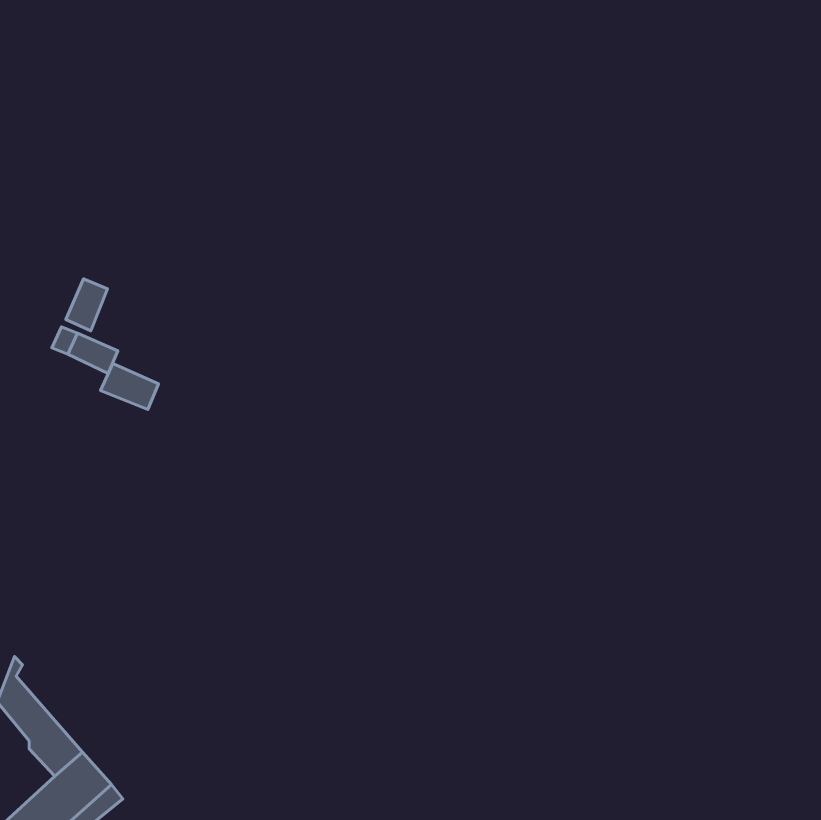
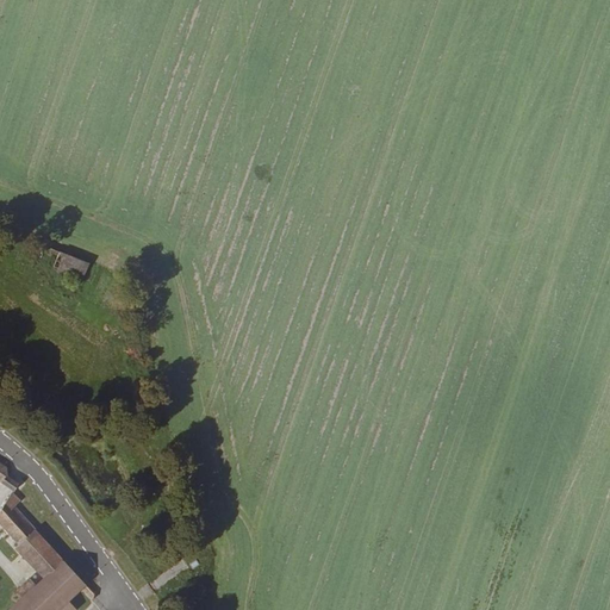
building: [66,279,107,331] -> none
building: [101,364,159,409] -> none

